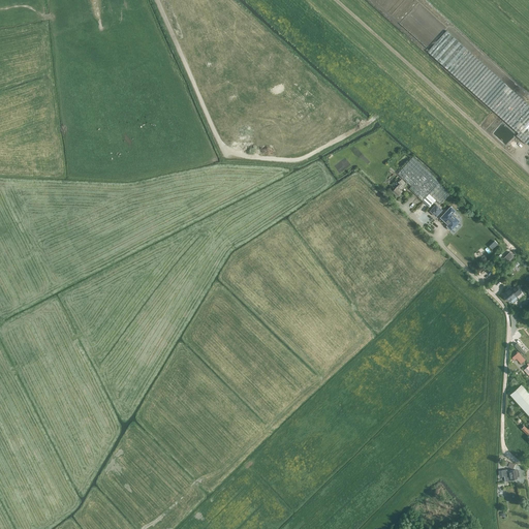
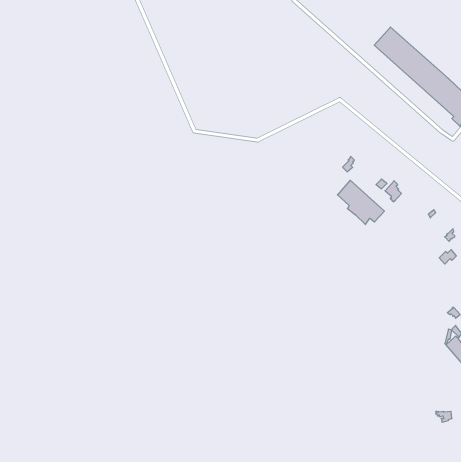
building: [399,157,453,208] -> [337,180,384,225]

